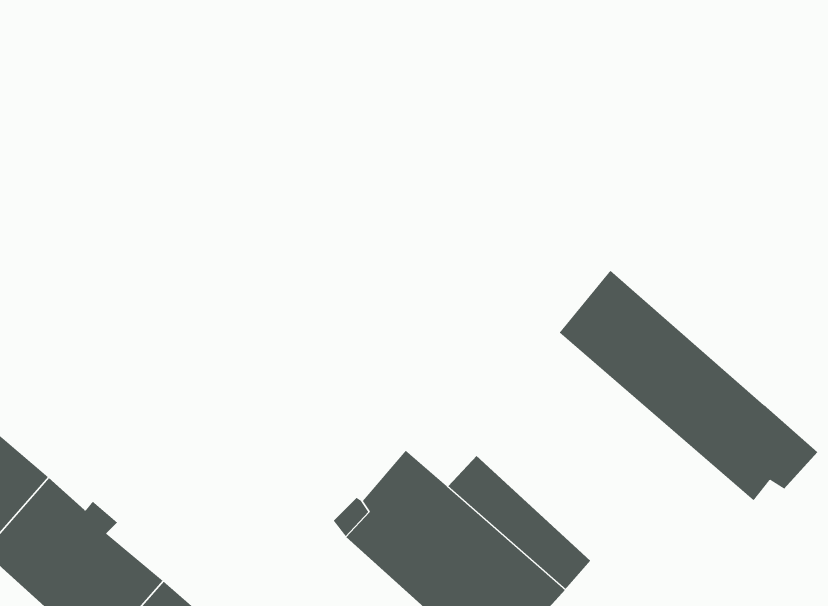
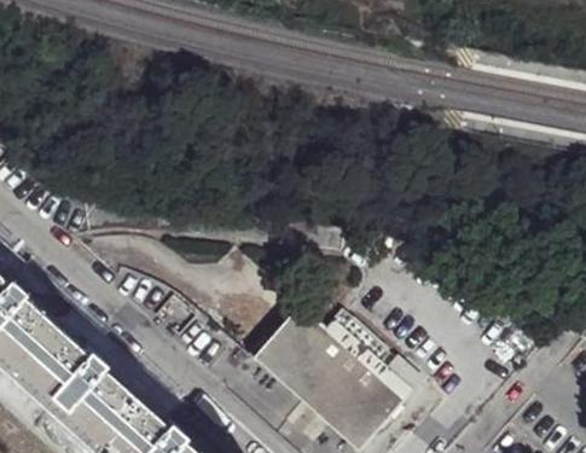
building: [559,270,818,501] -> none

